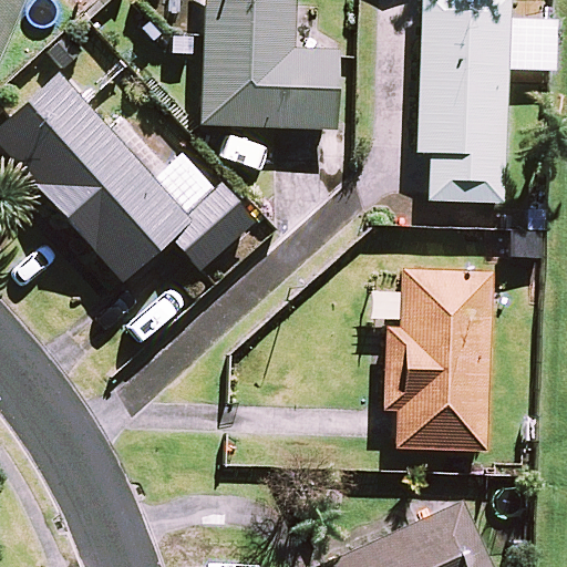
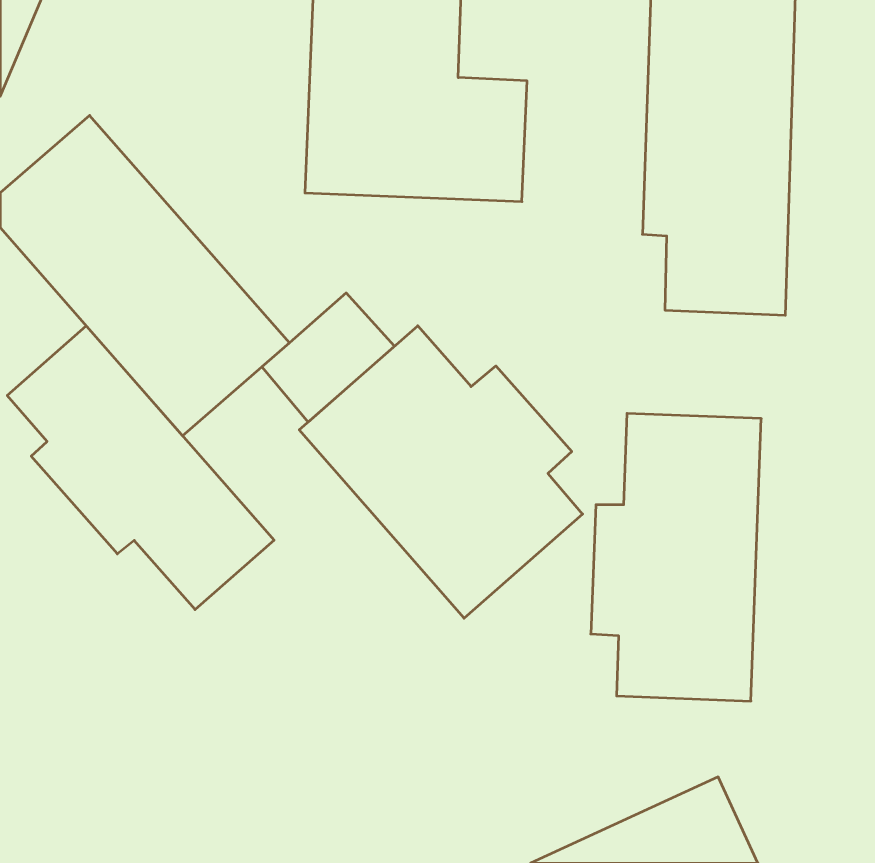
building: none -> [299,326,583,618]
building: none -> [7,326,274,610]

